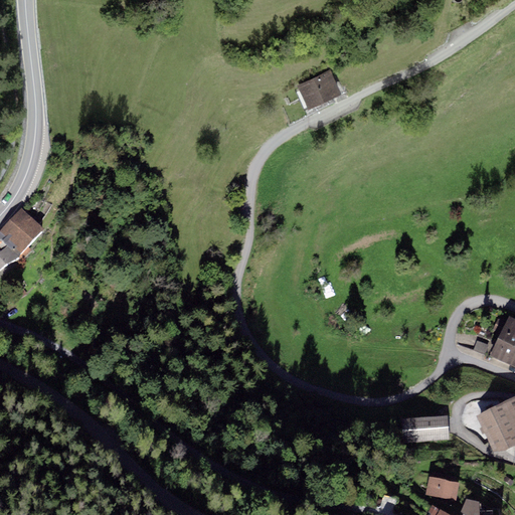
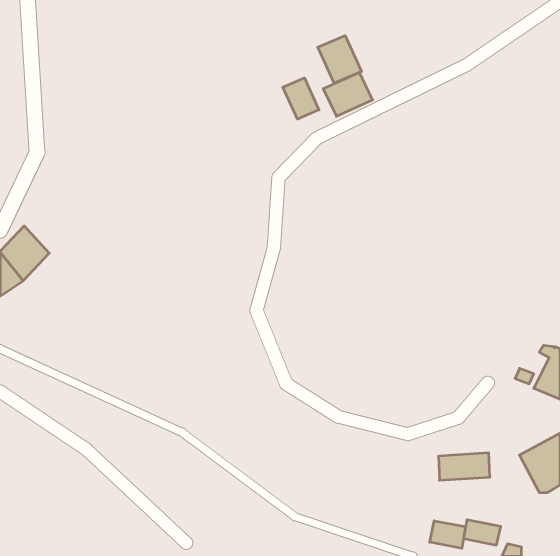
building: none -> [318,36,361,83]
building: none -> [283,78,319,119]
building: none -> [430,521,465,548]

